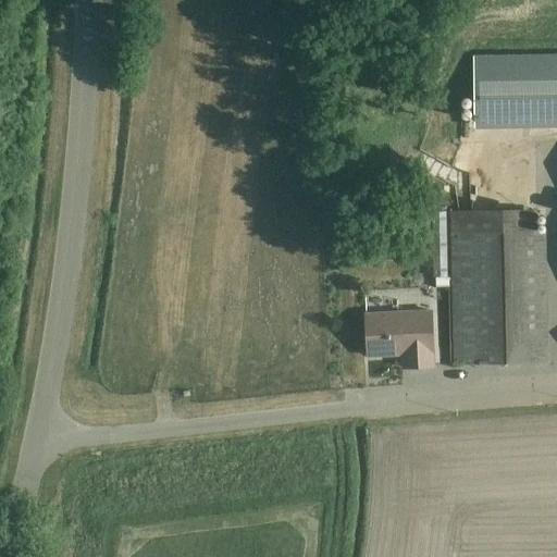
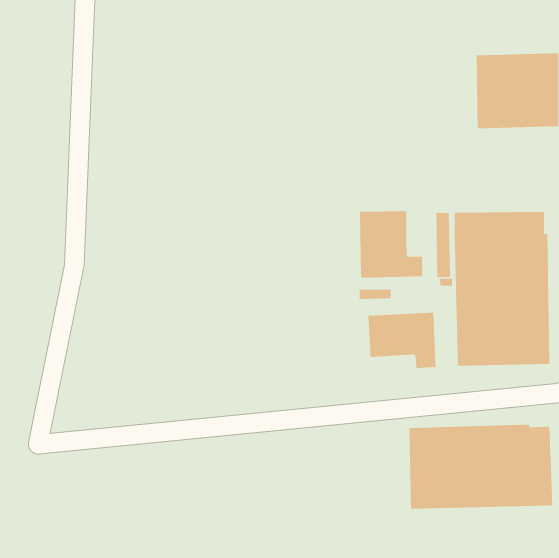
building: none -> [359,211,423,279]
building: none -> [408,424,553,509]

